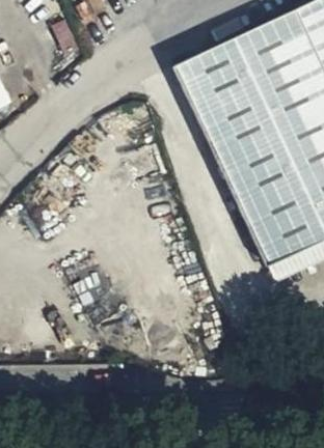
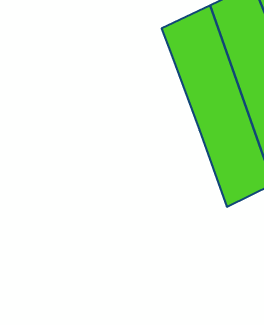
building: [178,59,275,271] -> none

